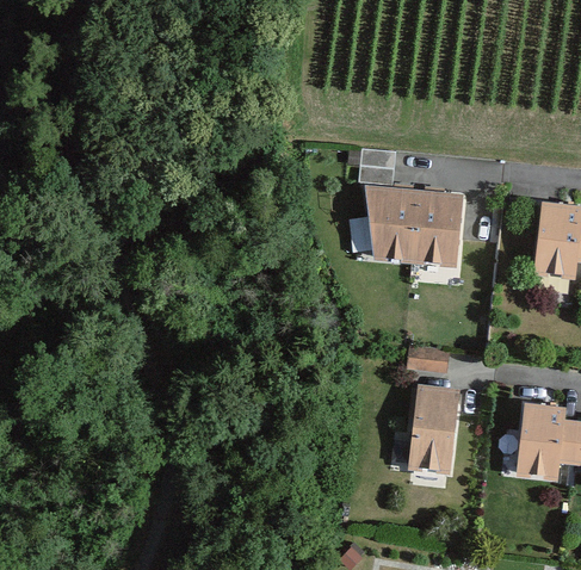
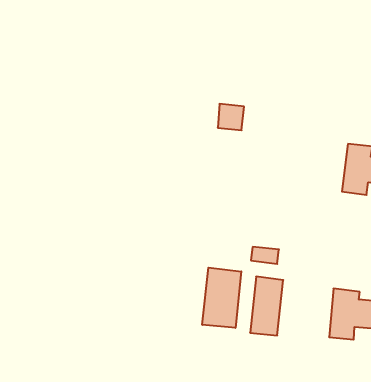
building: [369,193,457,264] -> none
building: none -> [202,268,241,328]

